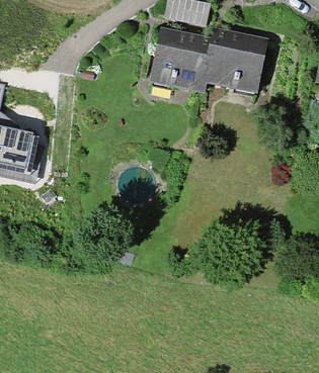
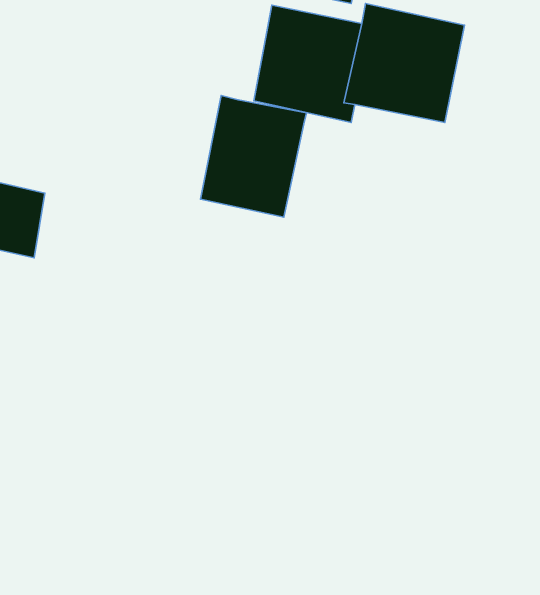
building: none -> [201,96,306,217]

